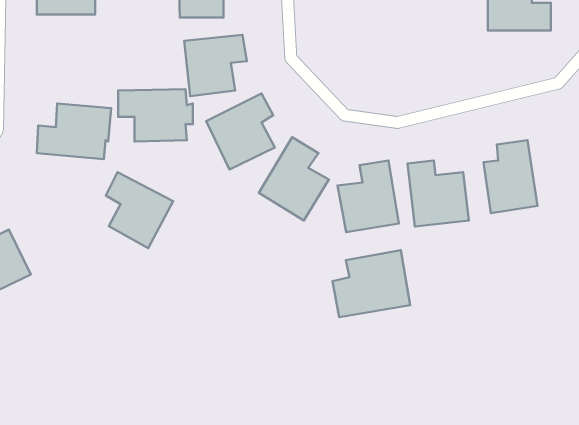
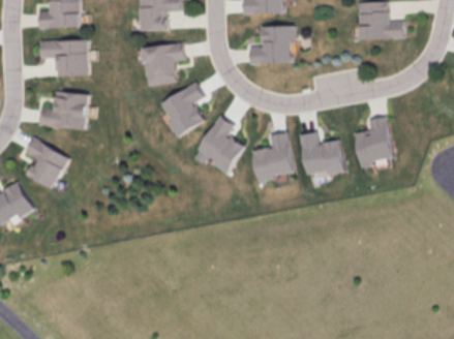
building: none -> [250,26,295,64]
building: [118,89,193,142] -> [40,39,93,76]
building: [106,172,173,248] -> [24,136,71,190]
building: [333,250,410,317] -> none

